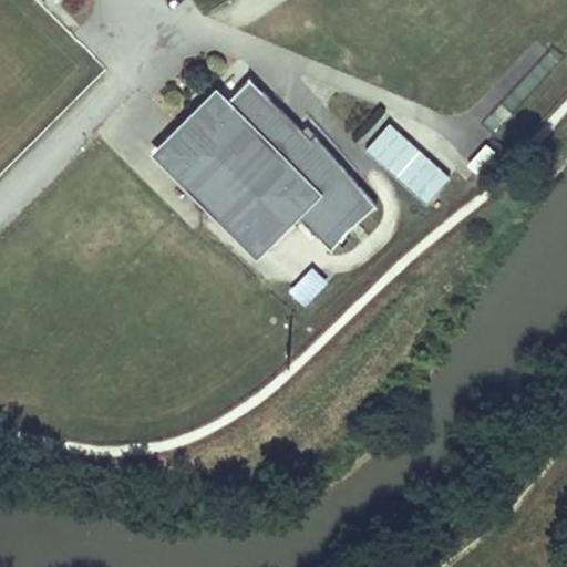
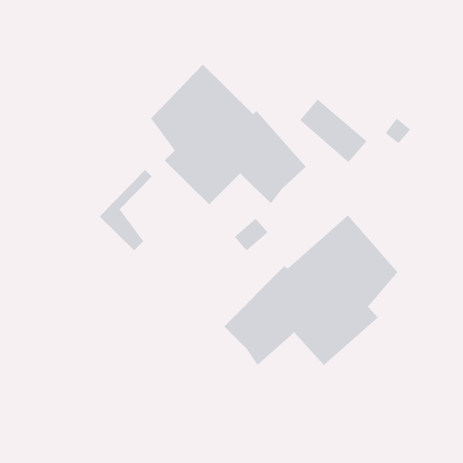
building: [156,99,221,198] -> [99,169,152,251]
building: none -> [223,215,398,366]

